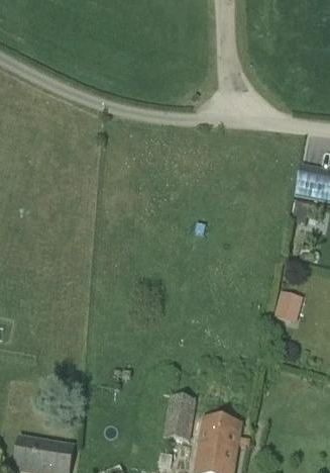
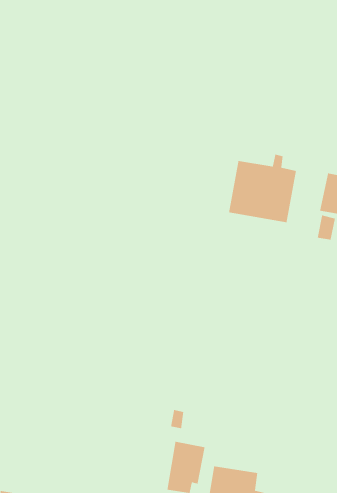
building: none -> [228,154,297,223]
building: [274,291,302,319] -> none

